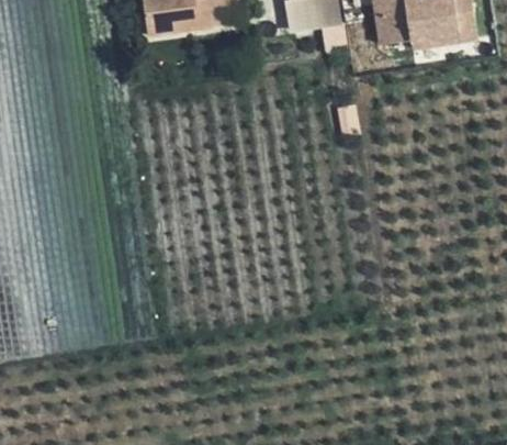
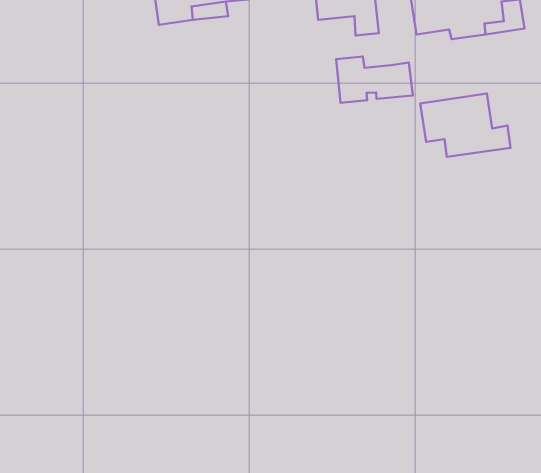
building: none -> [336,56,413,103]
building: none -> [420,94,511,157]

